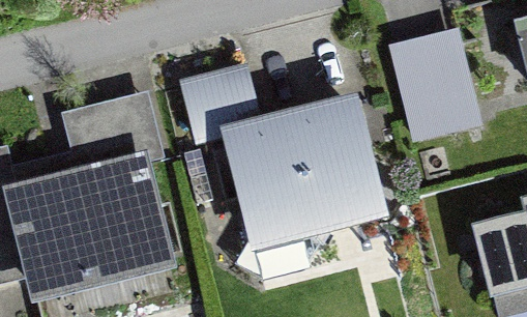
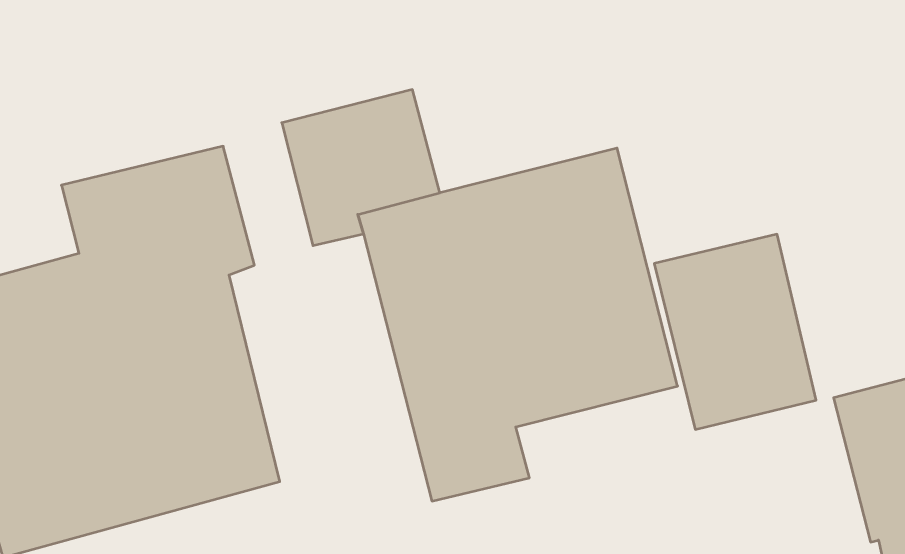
building: [389,28,475,132] -> [654,234,816,429]

